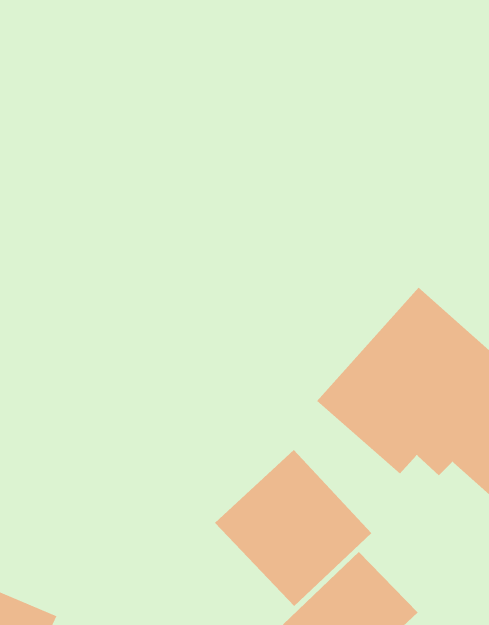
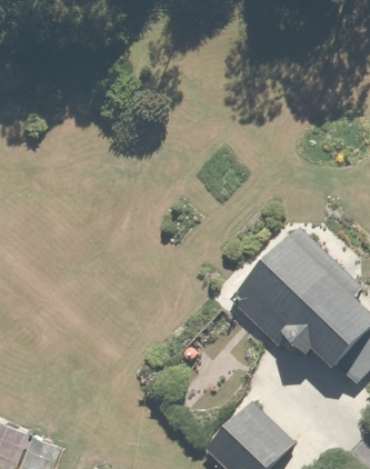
building: [214,449,372,607] -> none

